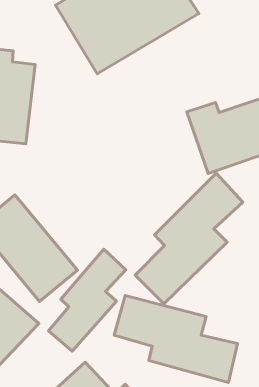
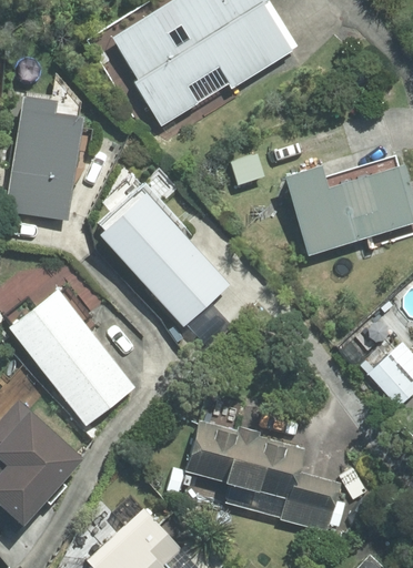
building: none -> [93,192,233,324]
building: [135,173,243,304] -> none
building: [48,249,126,351] -> none

